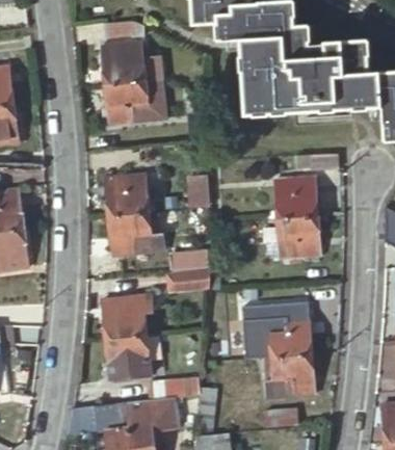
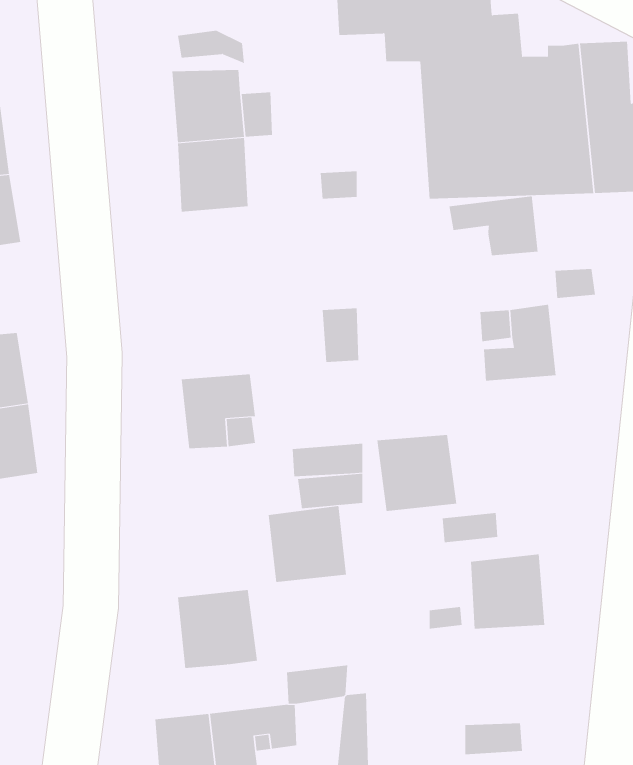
building: none -> [449,196,538,256]
building: [106,176,148,218] -> none
building: [278,216,322,259] -> [377,434,457,511]
building: [103,296,147,339] -> [268,505,347,582]
building: [264,354,313,396] -> none

